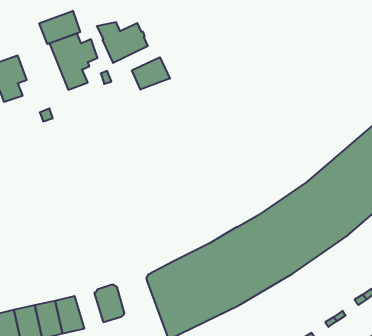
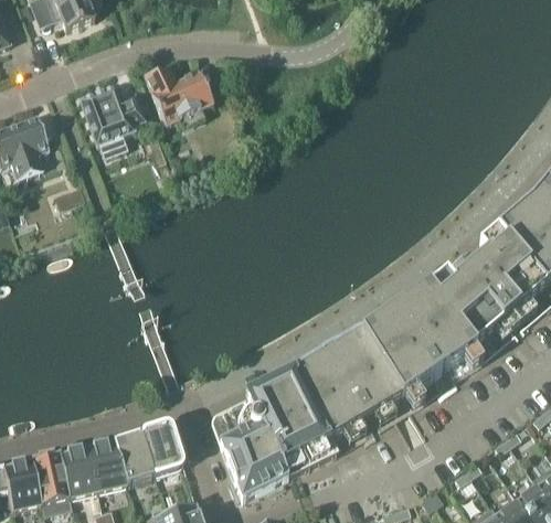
building: [39,11,80,44] -> none
building: [132,57,170,90] -> none
building: none -> [114,433,152,484]

